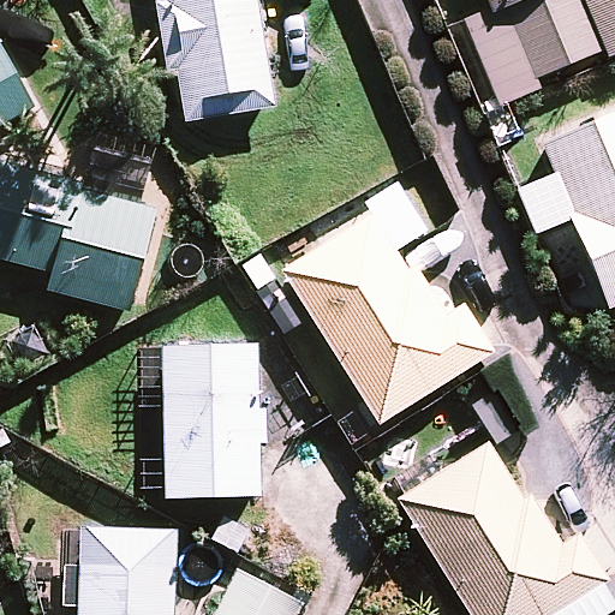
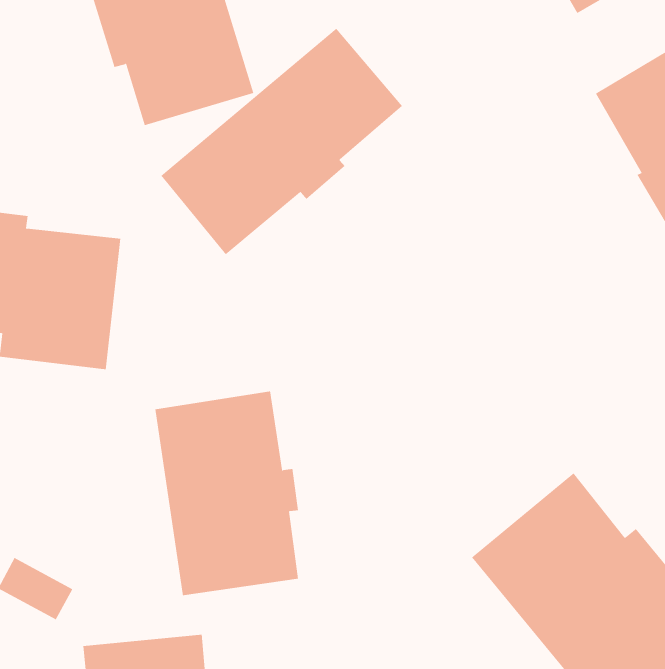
building: none -> [160,28,403,255]
building: [283,214,496,423] -> none

